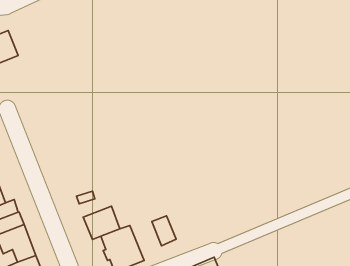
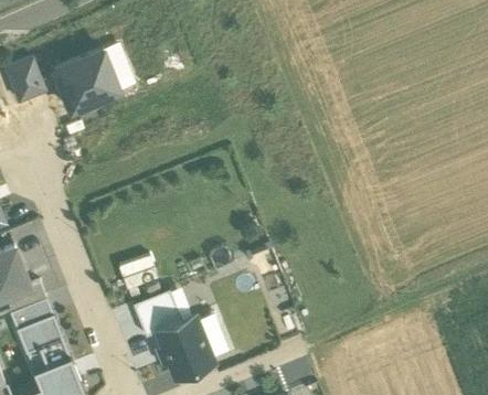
building: none -> [53,49,119,110]
building: [152,216,176,246] -> none

